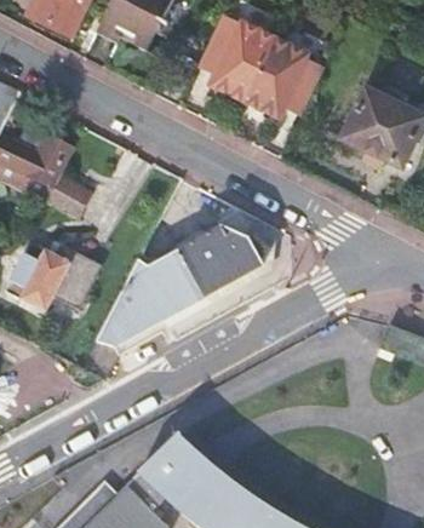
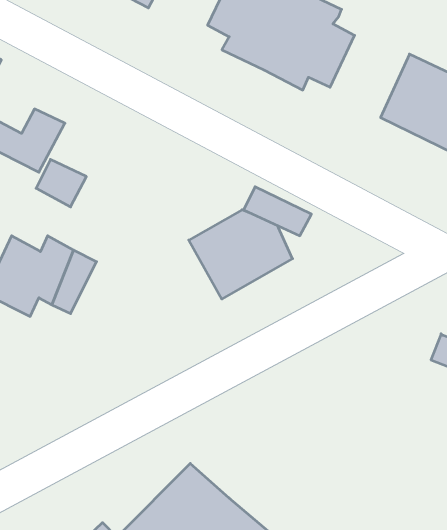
building: [97,245,206,345] -> none

